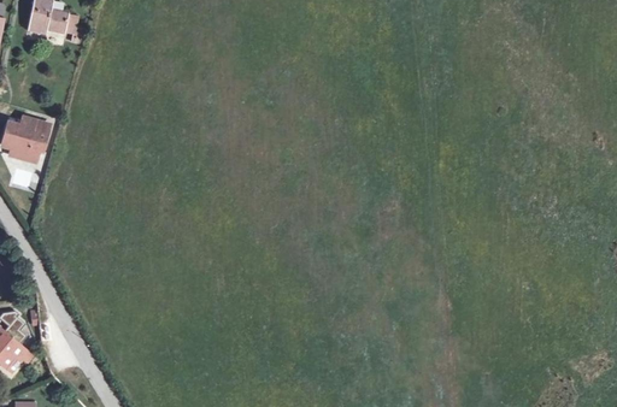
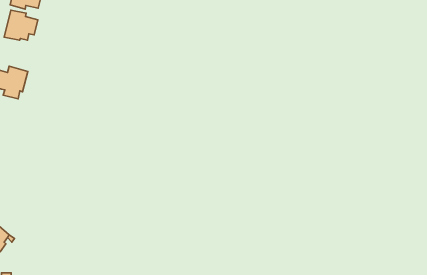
building: none -> [4,10,38,40]

